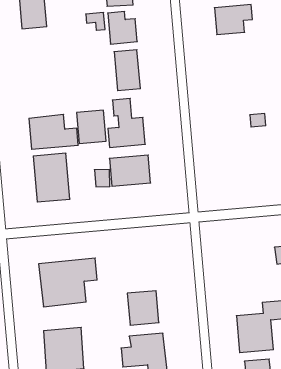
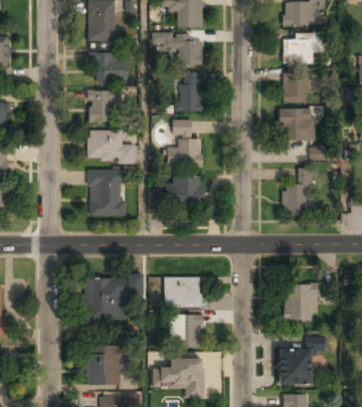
building: none -> [88,51,127,82]
building: none -> [283,73,309,103]
building: none -> [280,109,314,141]
building: [77,110,106,143] -> [88,90,116,122]
building: none -> [282,168,312,214]
building: none -> [284,281,317,321]
building: none -> [164,276,201,304]

